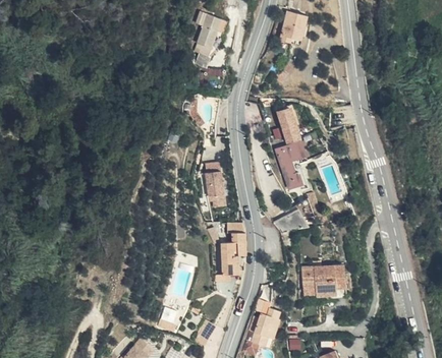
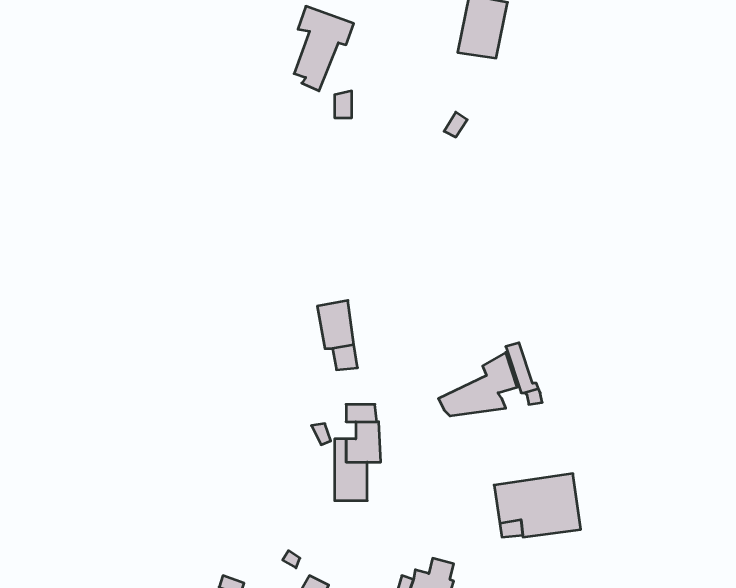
building: [276,105,308,189] -> none

